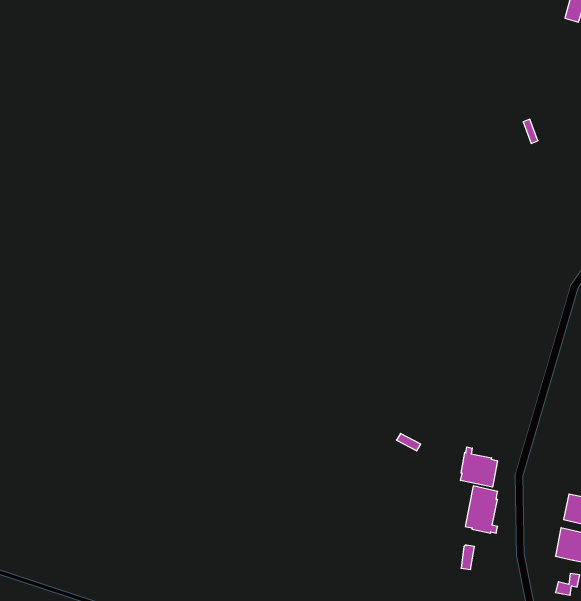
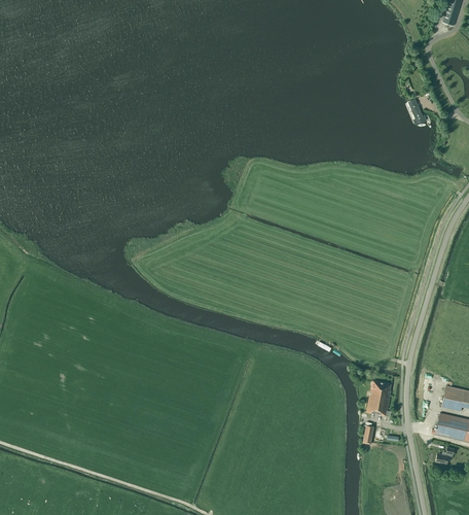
building: [461,447,497,487] -> none

